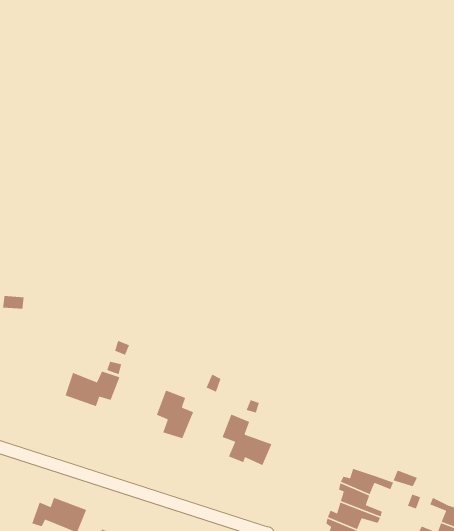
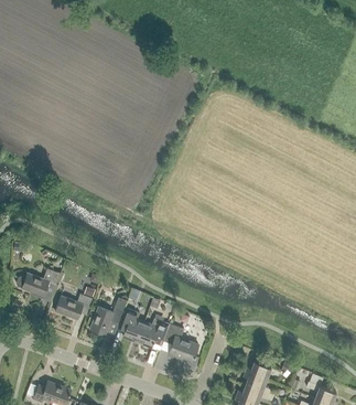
building: none -> [15,267,61,301]
building: none -> [89,297,126,334]
building: none -> [137,318,169,347]

